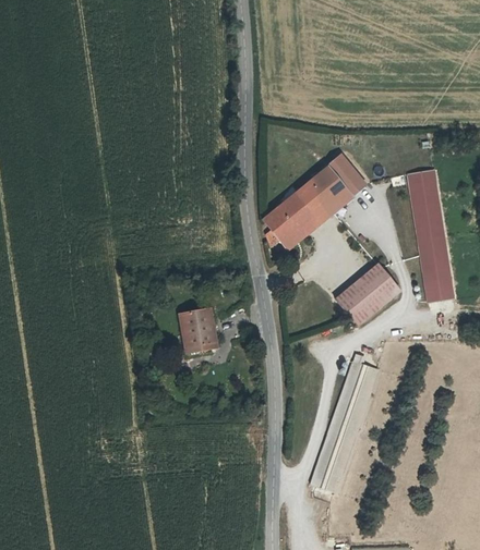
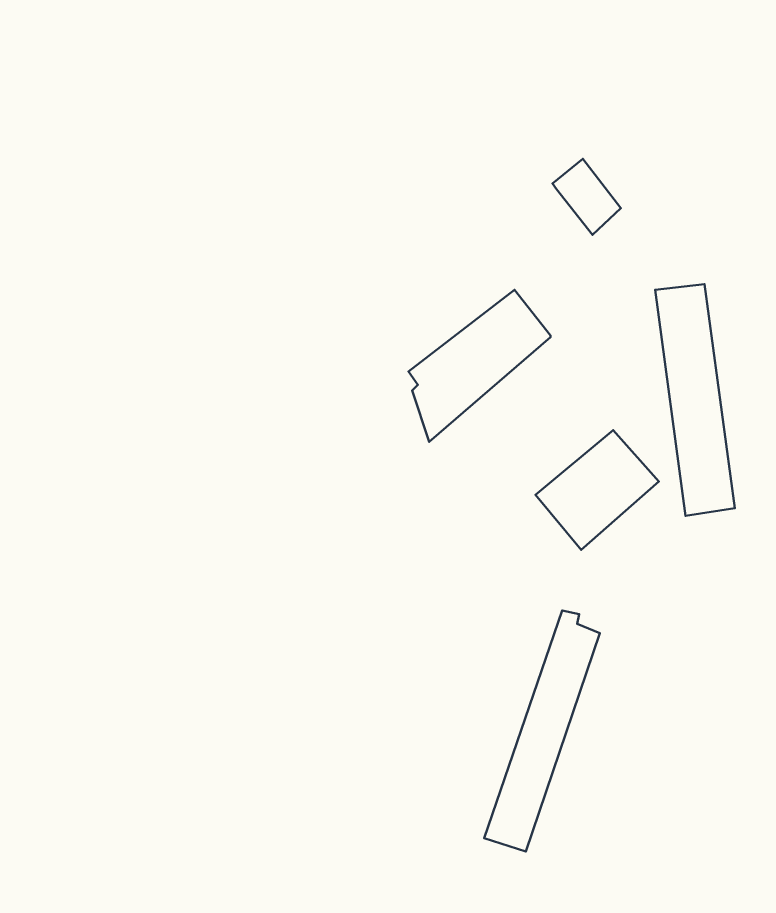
building: [324,156,363,199] -> [553,159,621,235]
building: [180,307,216,349] -> none

